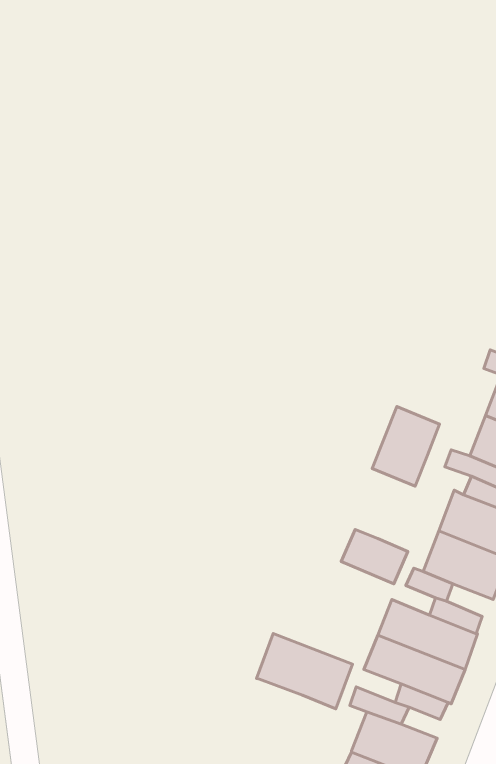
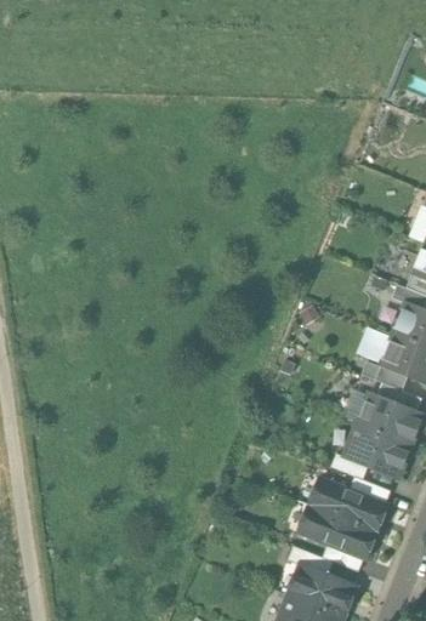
building: [372,406,440,486] -> none
building: [341,529,408,584] -> none
building: [257,634,352,709] -> none

